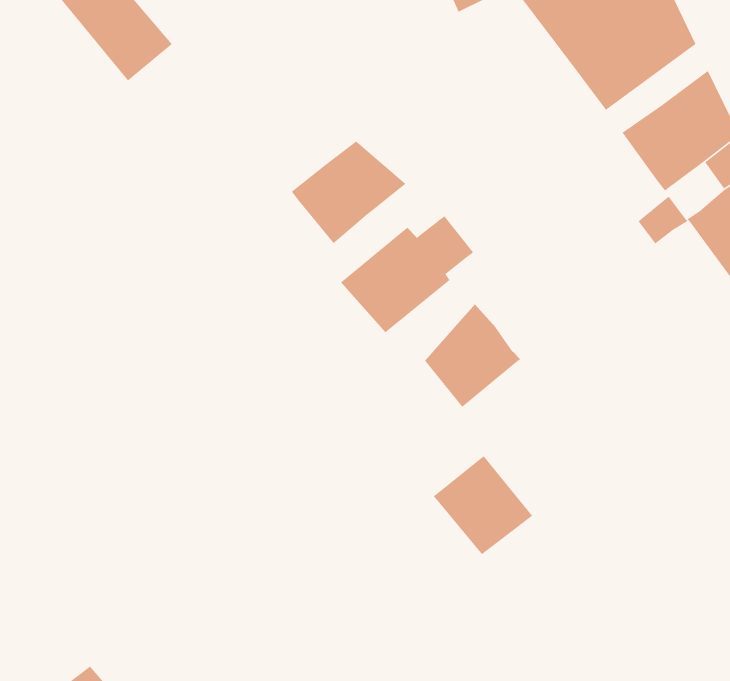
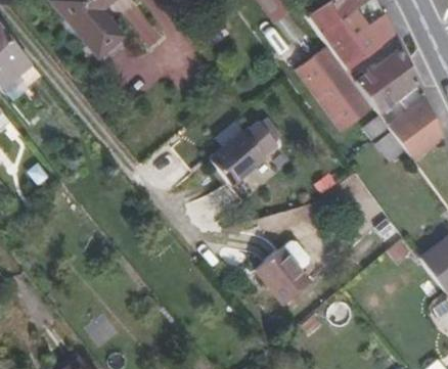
building: none -> [299,46,374,130]
building: [291,140,407,244] -> none
building: [424,304,521,408] -> none

